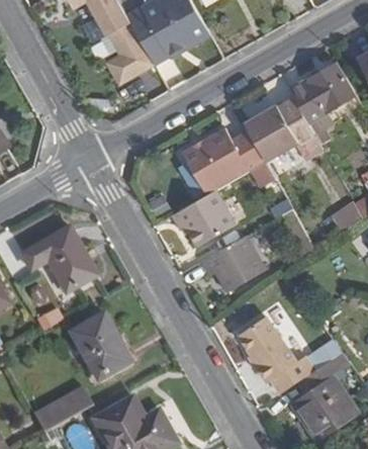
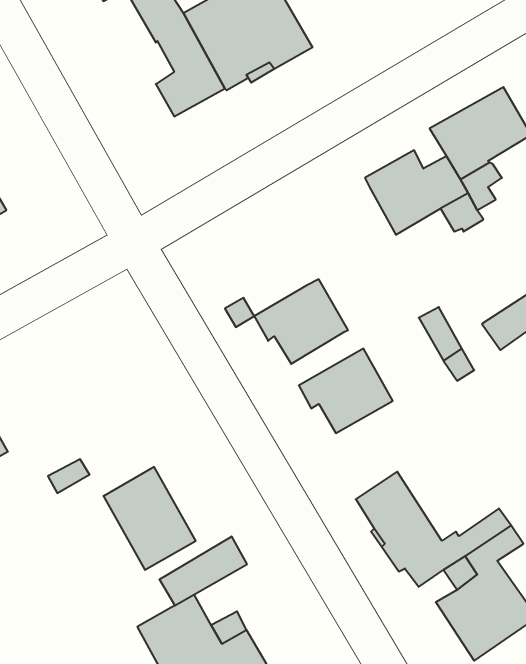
building: [181,125,265,193] -> none
building: [23,226,98,291] -> none
building: [35,386,93,432] -> [159,536,247,606]

